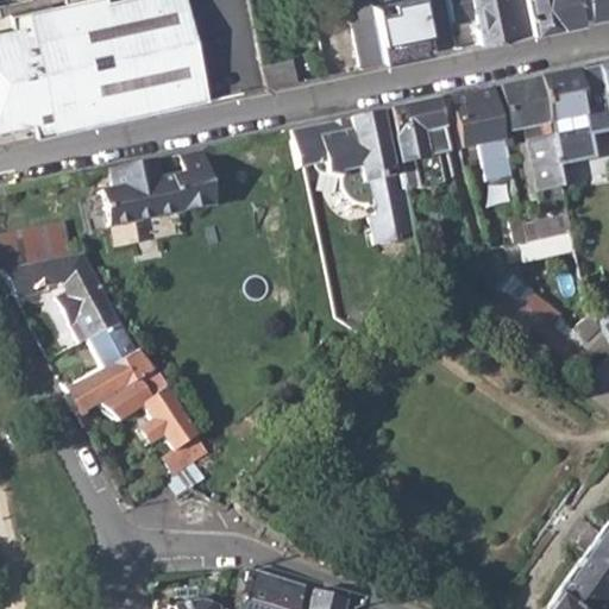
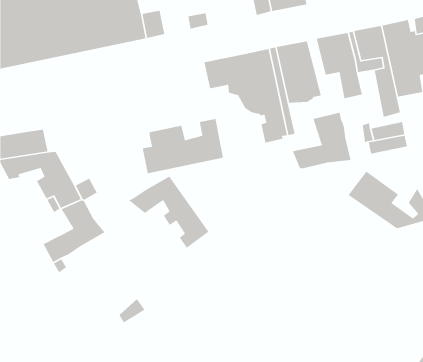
building: [100,147,214,226] -> [142,118,224,174]
building: none -> [292,112,352,169]
building: [95,369,209,471] -> [128,176,210,249]

